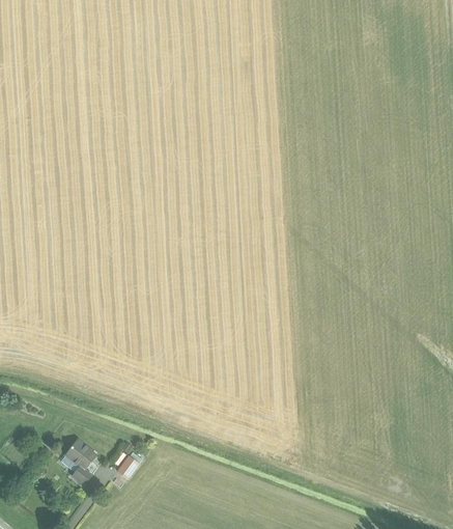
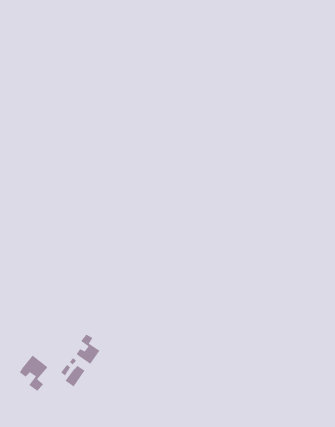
building: none -> [76,333,101,365]

